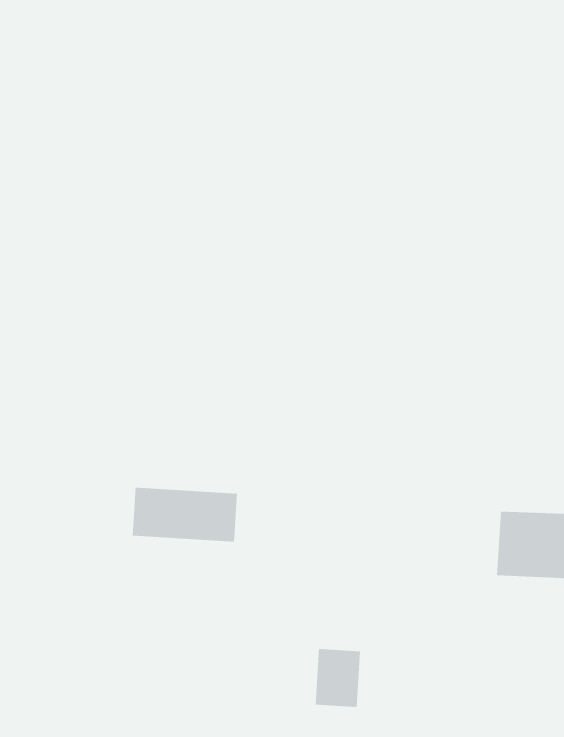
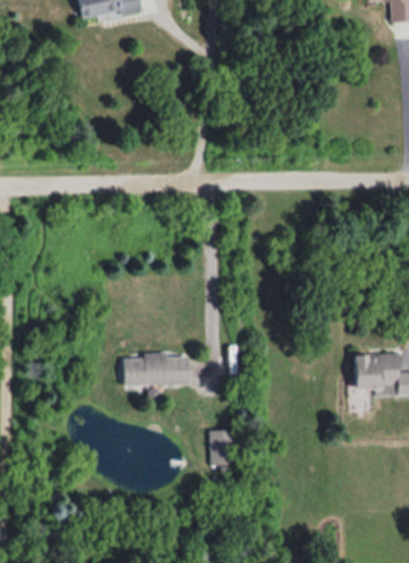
building: [315,648,361,707] -> [210,431,237,466]

